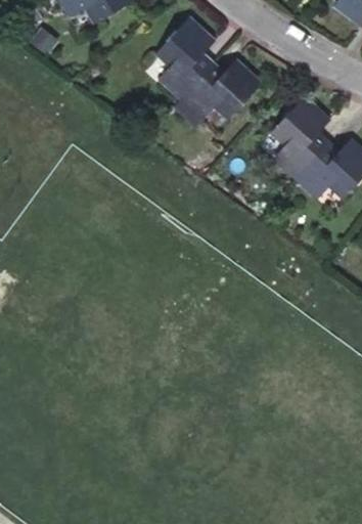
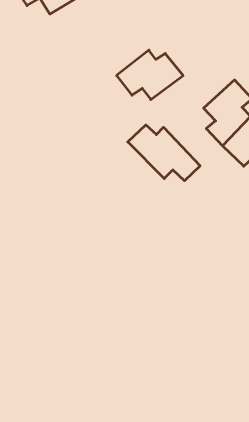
building: [149,18,210,95] -> none
building: none -> [128,125,200,181]

